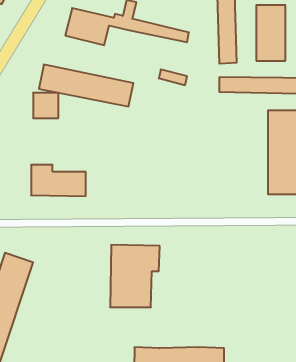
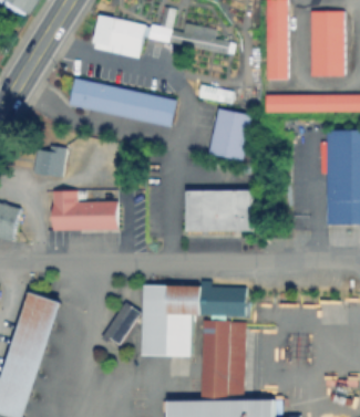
building: none -> [205,108,248,161]
building: [33,93,58,118] -> [32,146,61,175]
building: none -> [188,190,250,229]
building: none -> [200,284,247,400]
building: none -> [104,302,142,344]

